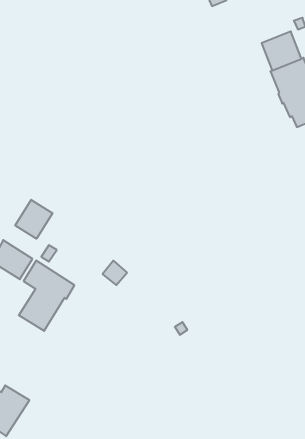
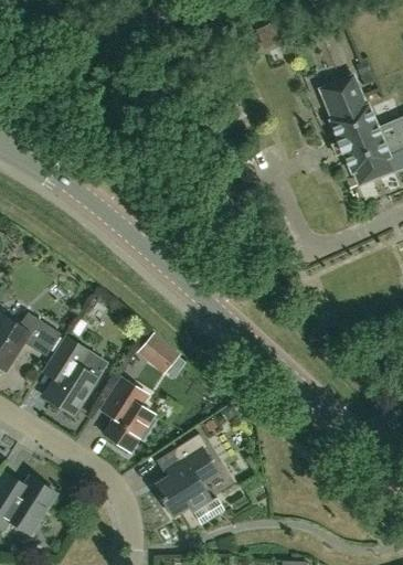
building: [15,200,52,239] -> none
building: none -> [104,379,153,451]
building: none -> [155,434,224,524]

